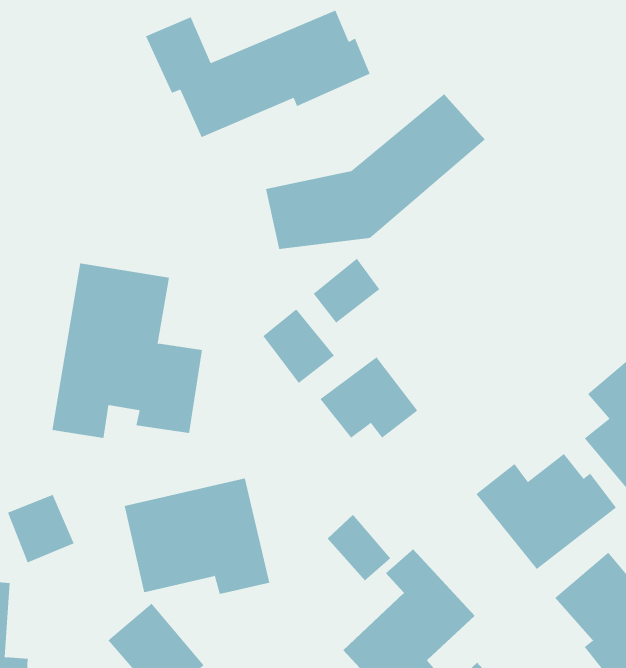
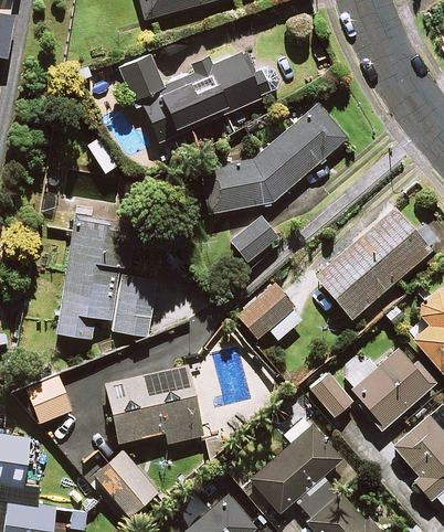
building: none -> [314,208,431,319]
building: [263,308,335,384] -> none
building: [327,514,391,581] -> [309,371,352,416]

